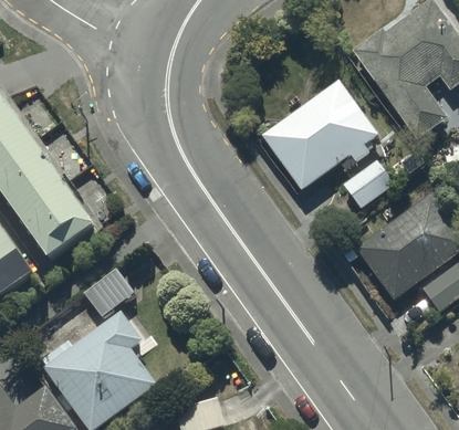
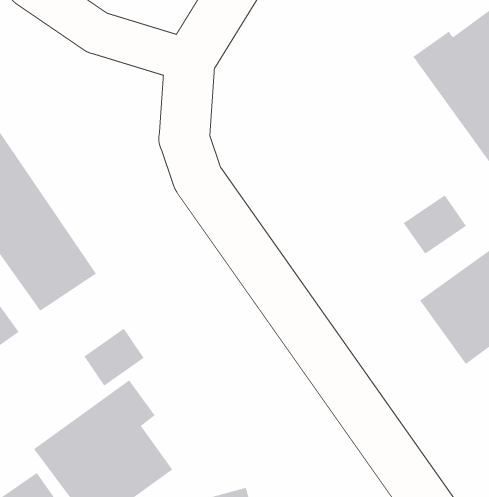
building: [262,80,378,189] -> none

